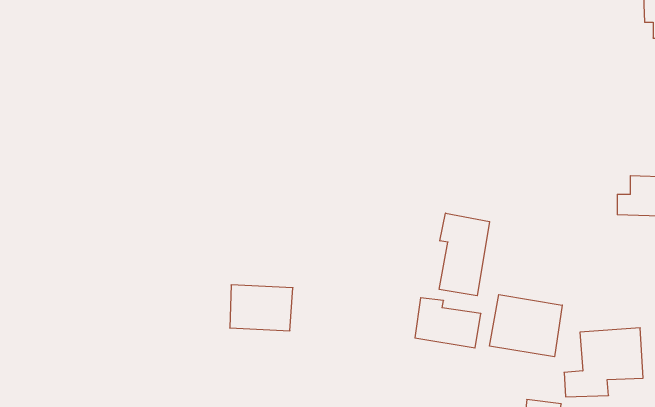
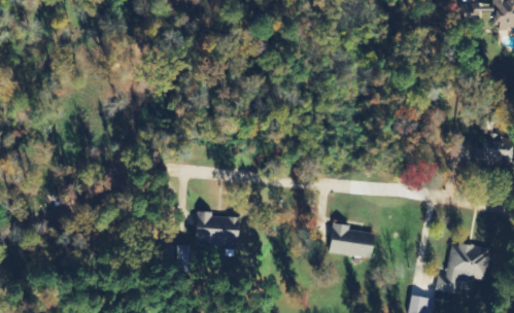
building: [439,213,490,296] -> none
building: [490,295,562,357] -> none

